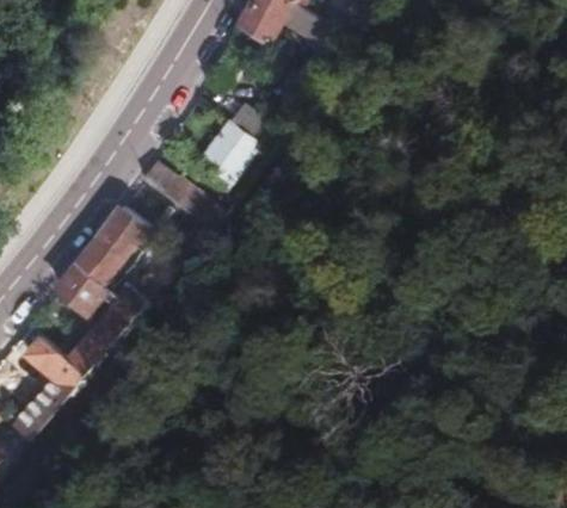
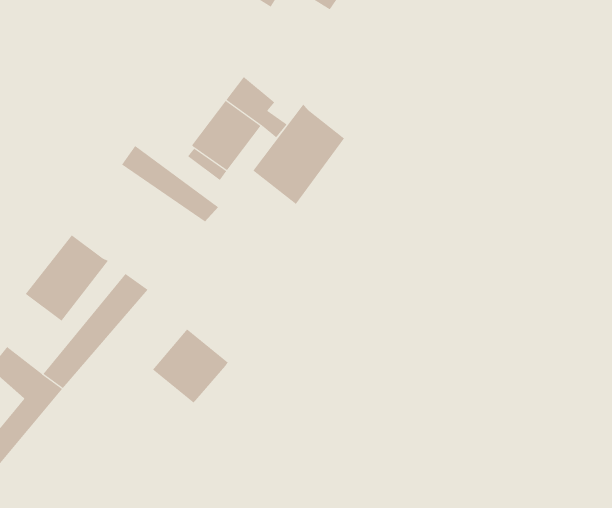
building: none -> [253,104,345,205]
building: [94,203,148,259] -> none
building: none -> [152,328,228,404]

